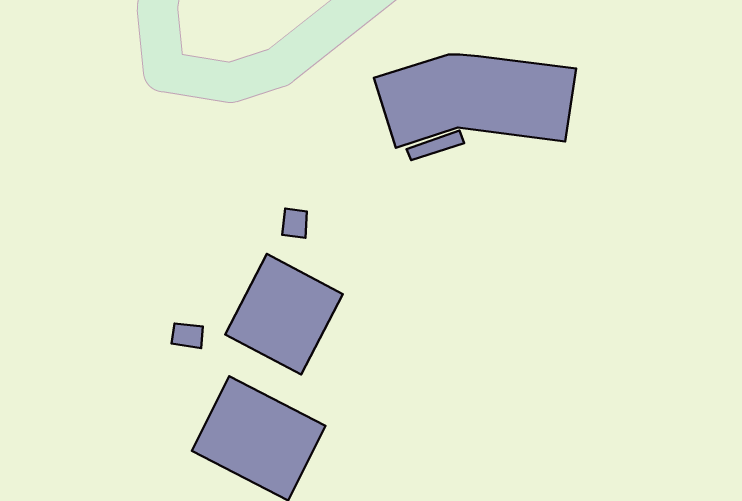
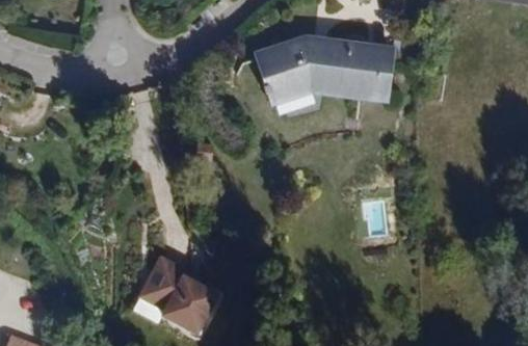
building: [225,254,343,375] -> none

